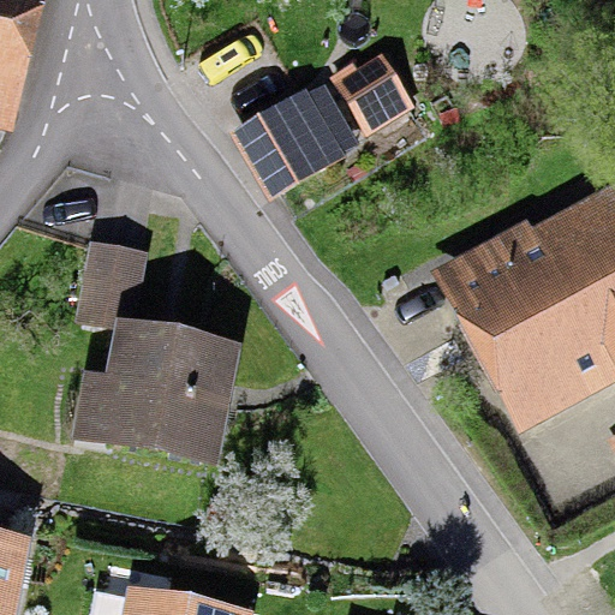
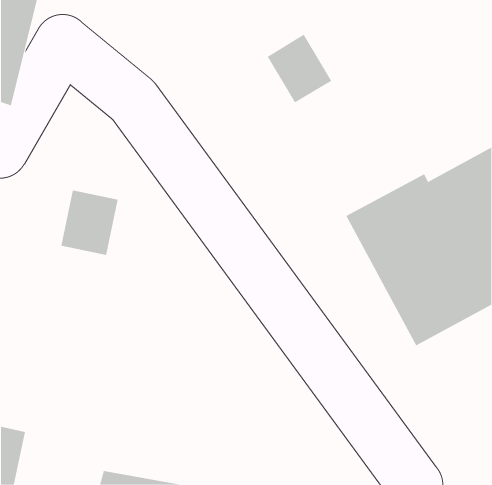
building: [232,79,362,197] -> none
building: [72,320,243,465] -> none

